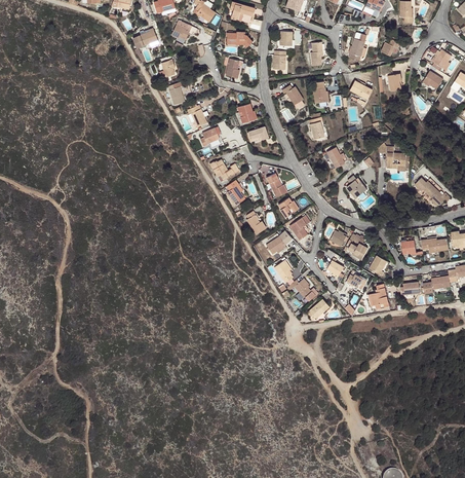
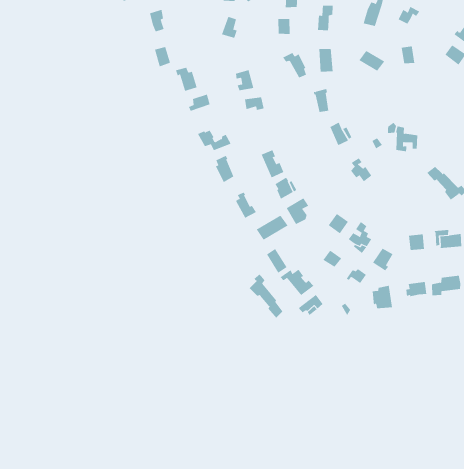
building: none -> [249,273,283,319]

